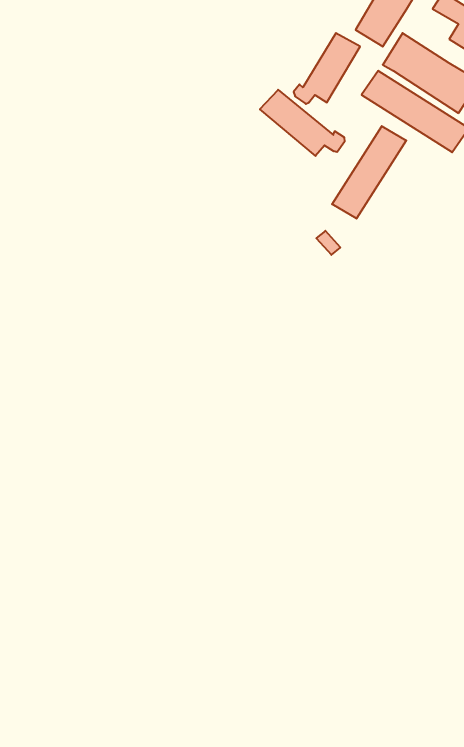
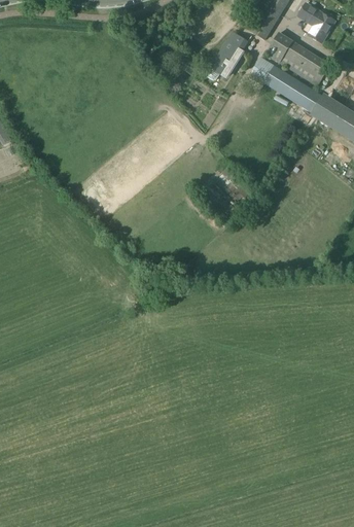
building: [260,90,344,156] -> none
building: [332,126,406,219] -> none

